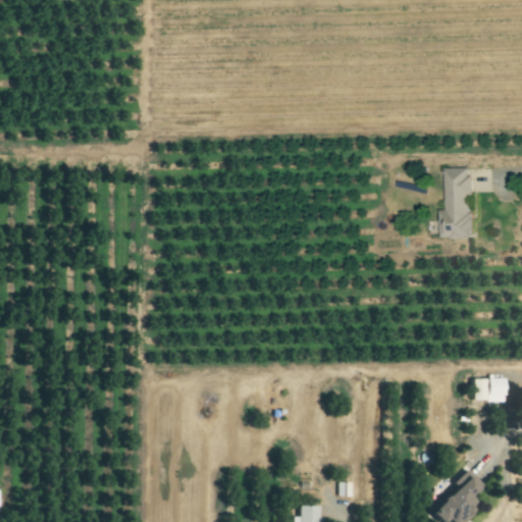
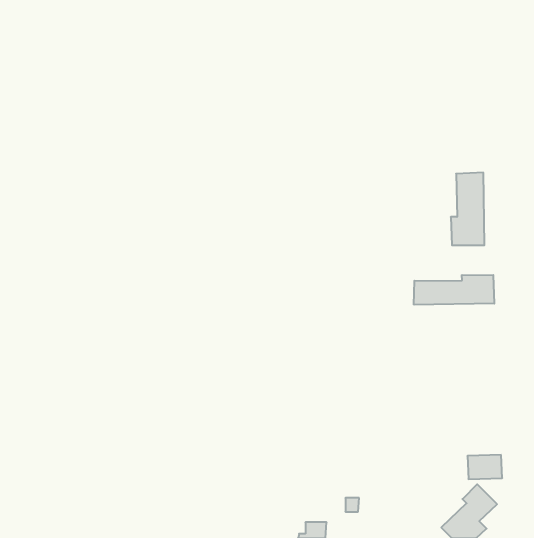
building: none -> [414,275,494,305]
building: [471,378,505,402] -> [467,455,502,479]

